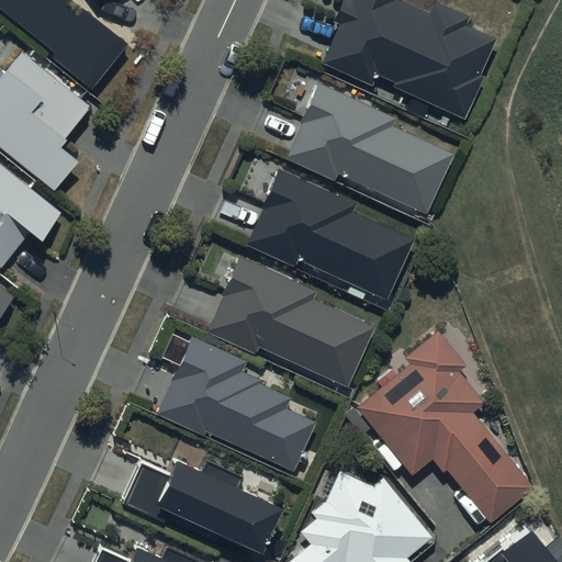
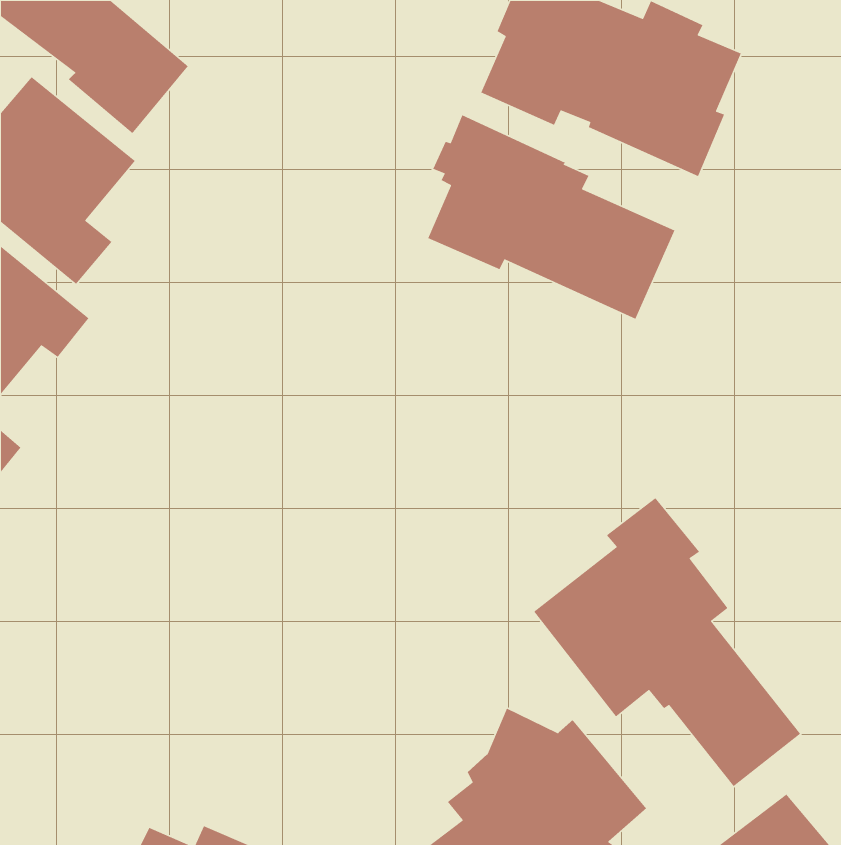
building: [248,170,418,302] -> none
building: [210,255,374,385] -> none
building: [156,337,315,471] -> none
building: [122,459,278,553] -> none

